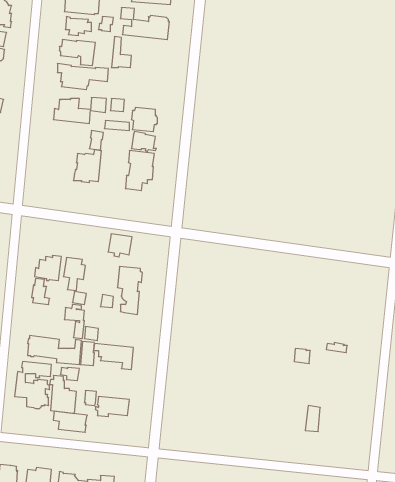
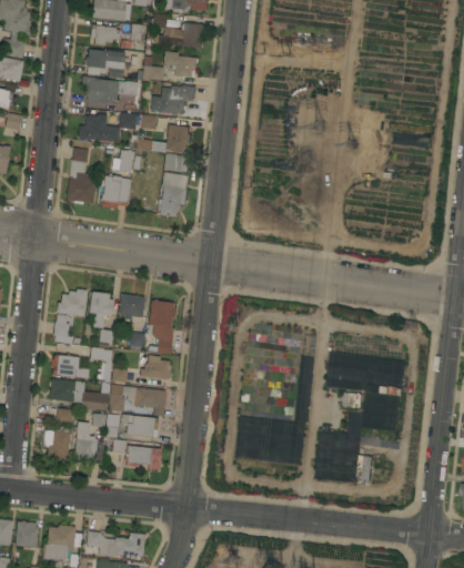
building: none -> [162,50,199,78]
building: none -> [150,84,196,114]
building: none -> [65,146,94,203]
building: [108,234,132,257] -> [118,294,144,320]
building: none -> [50,353,88,378]
building: none -> [139,355,170,379]
building: [53,411,87,432] -> [120,414,158,437]

